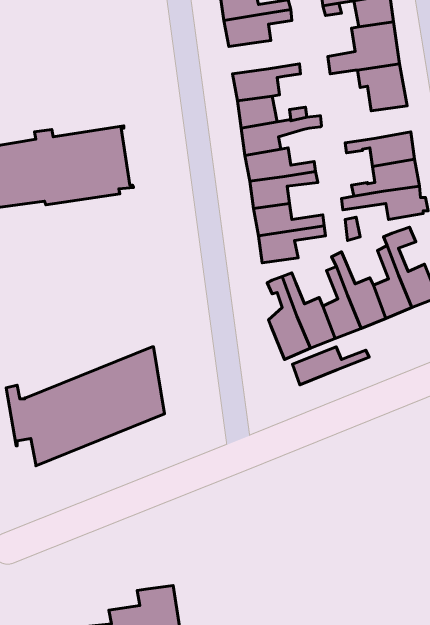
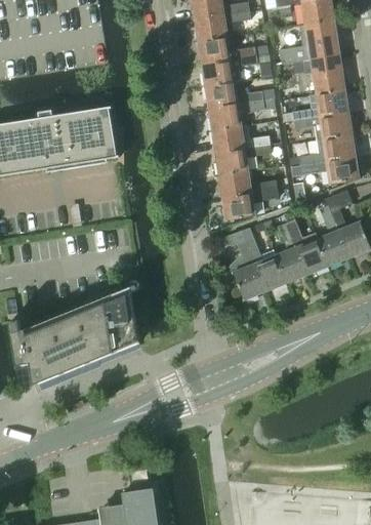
building: none -> [198,35,256,63]
building: none -> [292,89,348,120]
building: [293,347,369,385] -> none

